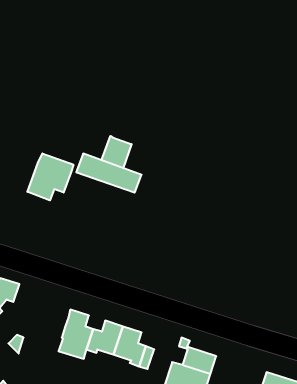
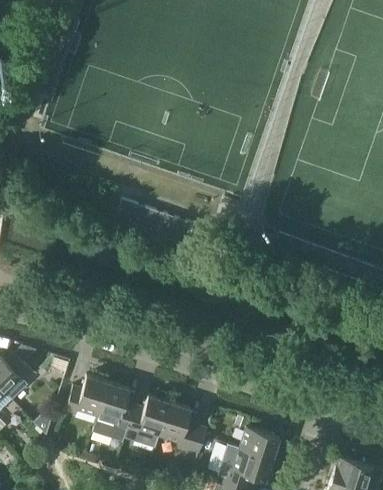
building: [102,136,132,168] -> none
building: [27,153,73,200] -> none
building: none -> [66,376,108,416]

